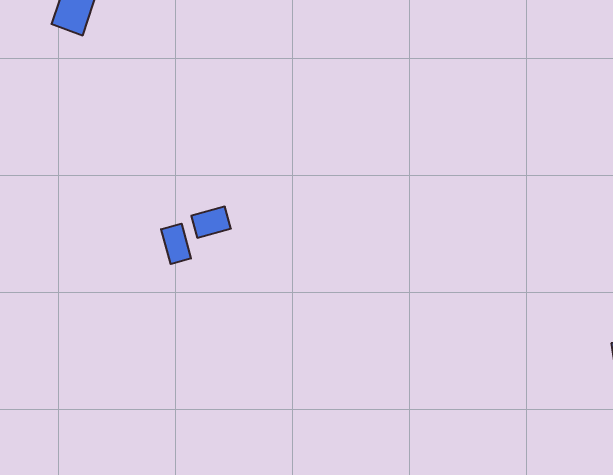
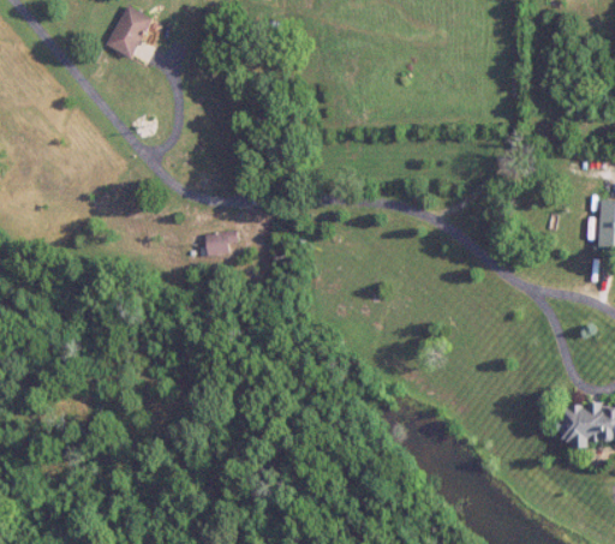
building: [161,224,191,264] -> none

